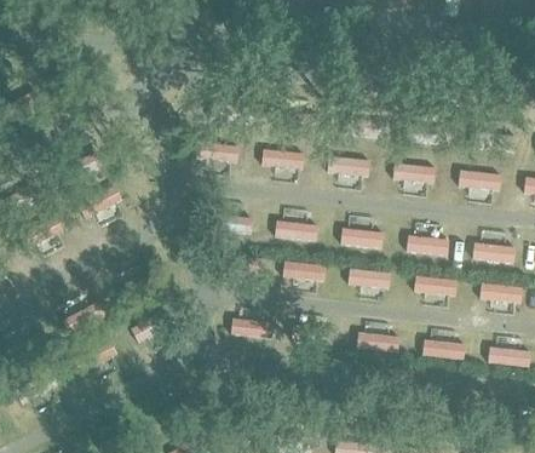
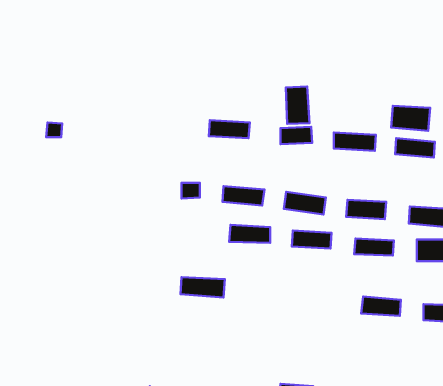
building: none -> [286,87,310,124]
building: none -> [391,106,430,131]
building: [357,328,402,356] -> none

